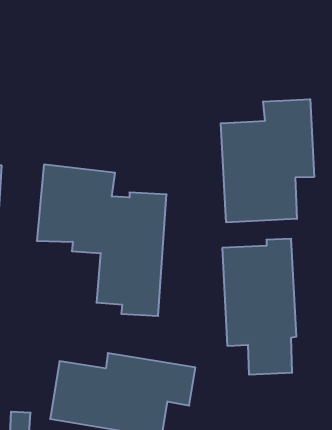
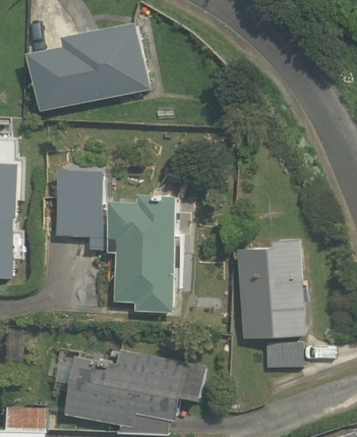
building: none -> [28,20,153,113]
building: [221,99,314,222] -> none

